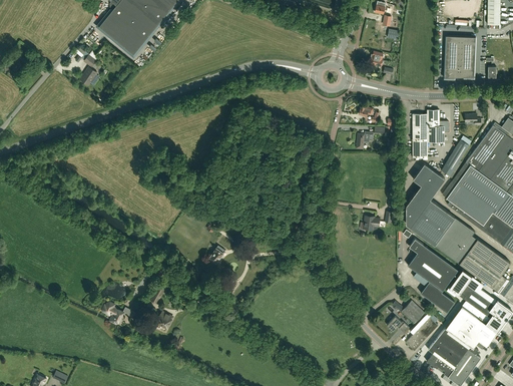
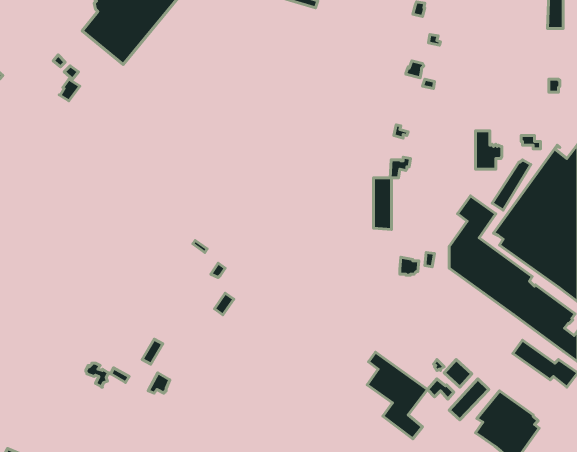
building: [445,36,476,78] -> none
building: [412,115,427,158] -> [373,178,391,229]
building: [408,240,458,312] -> [367,352,427,439]
building: [447,301,498,348] -> none

